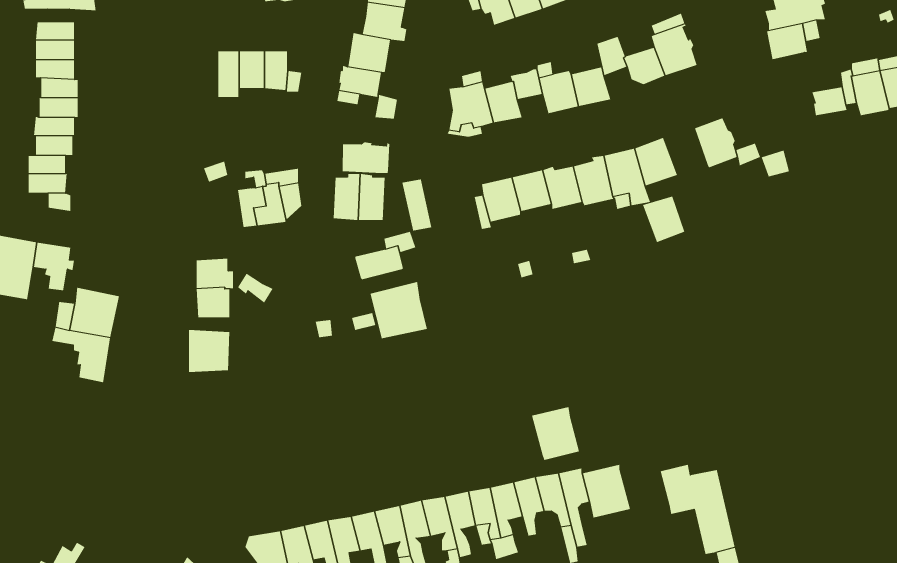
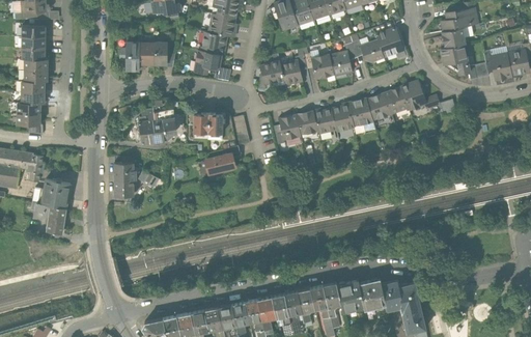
building: none -> [440,44,470,75]
building: [342,142,390,174] -> none
building: [642,196,685,243] -> [383,87,408,114]
building: [370,281,427,339] -> none
building: [189,329,230,373] -> none
building: [531,406,580,461] -> [358,278,386,309]

